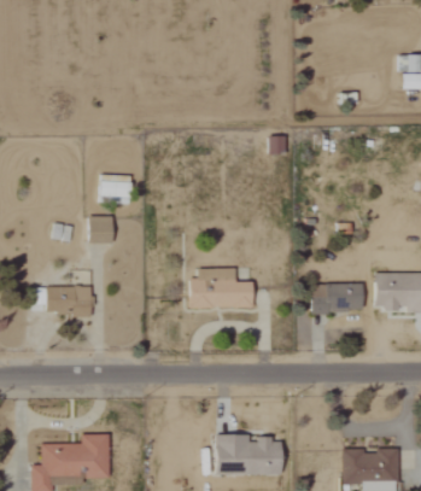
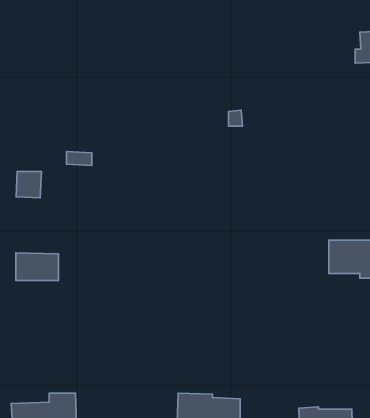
building: [89,216,116,244] -> [16,171,41,198]
building: [189,267,253,308] -> none
building: [312,284,364,312] -> none

